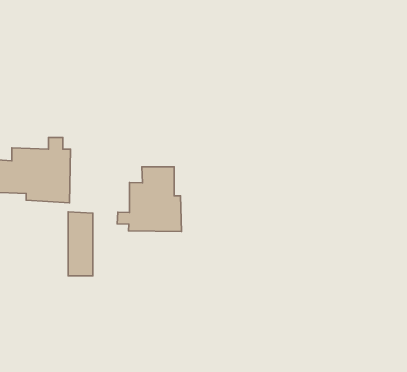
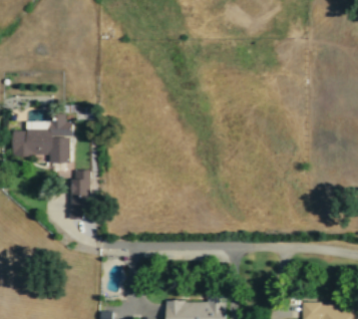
building: [117,167,181,231] -> none

